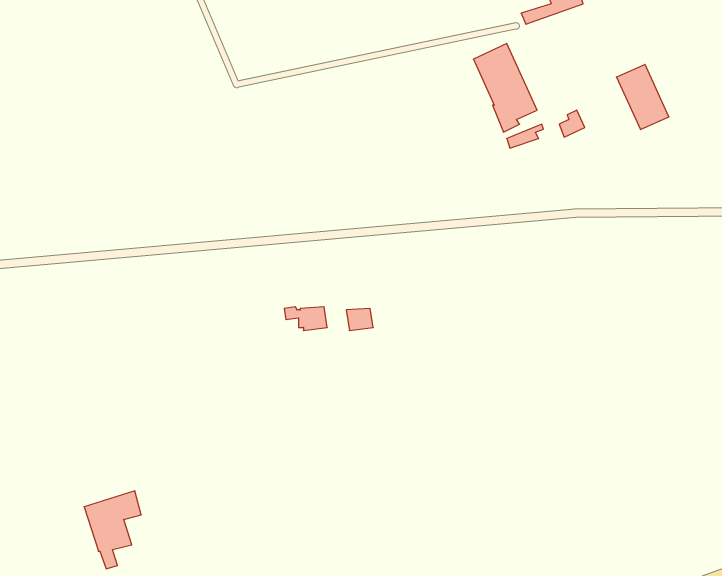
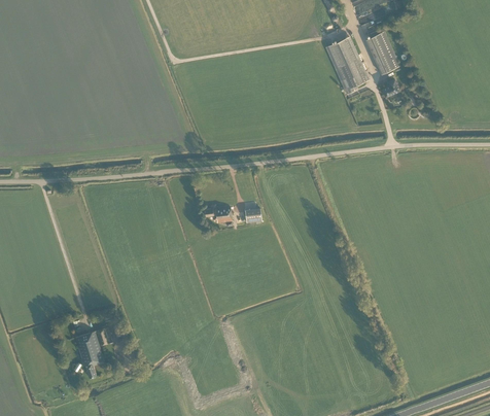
building: [616,64,669,129] -> [364,31,398,73]

